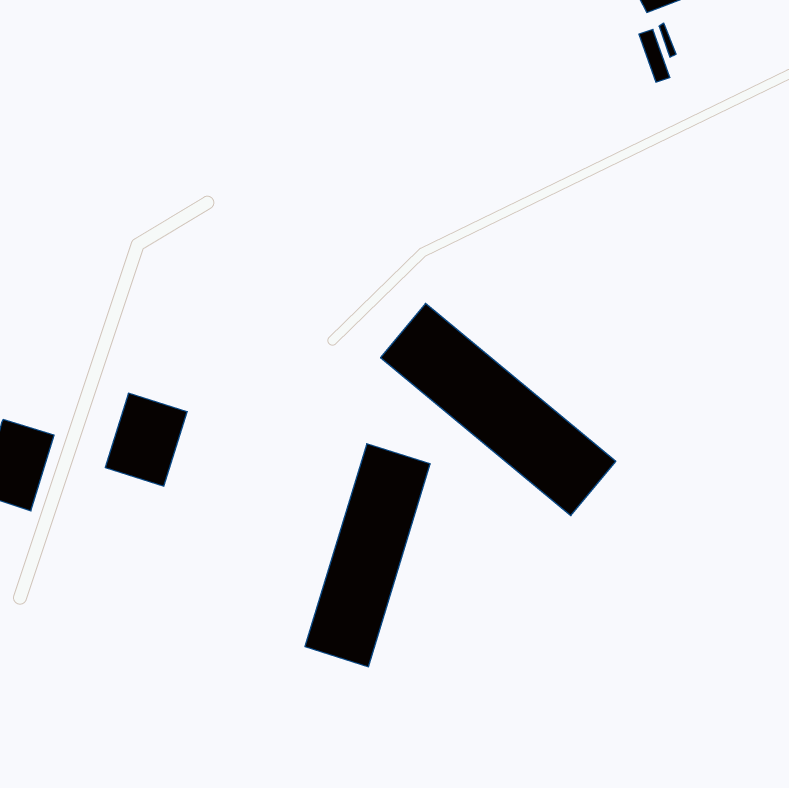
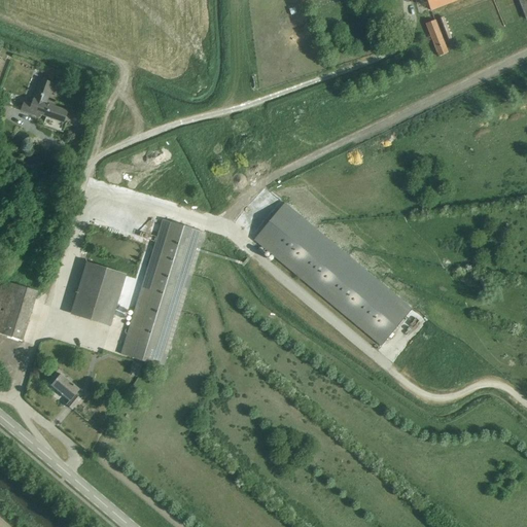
building: none -> [21,77,67,120]
building: [305,444,430,667] -> [120,217,204,365]
building: none -> [50,373,81,408]

